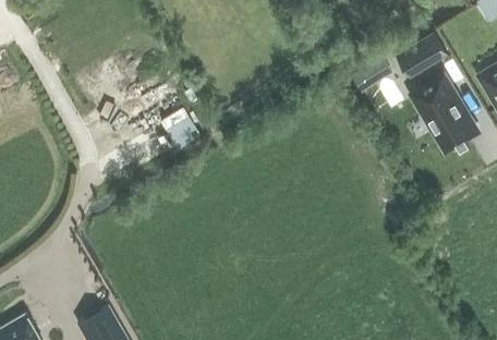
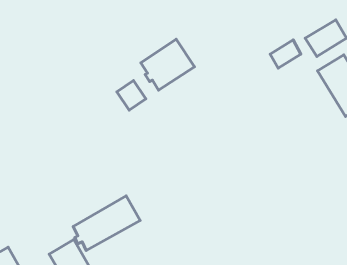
building: none -> [141,39,194,90]
building: none -> [73,196,140,251]

